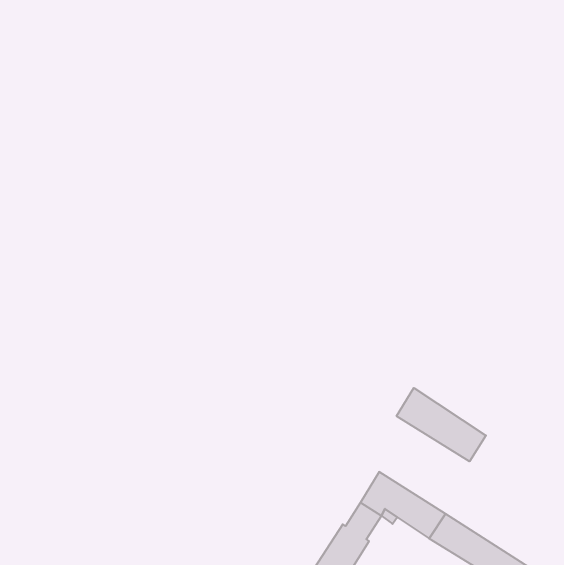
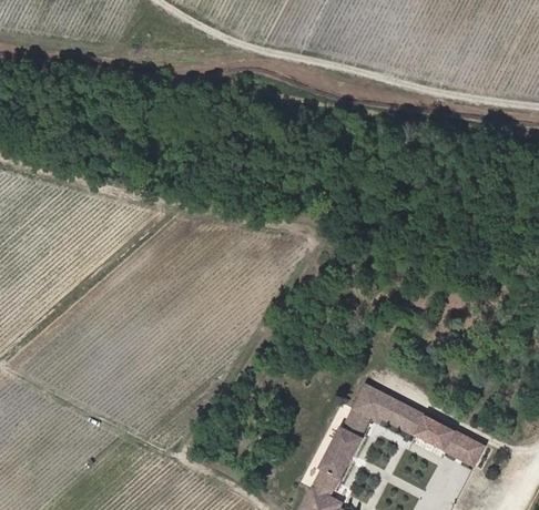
building: [397,388,486,461] -> none

